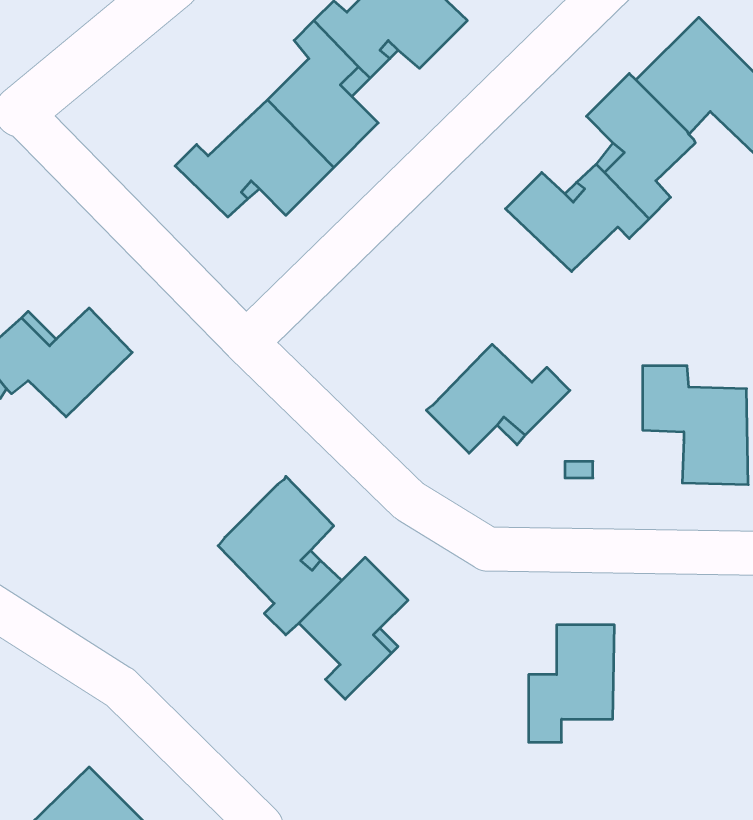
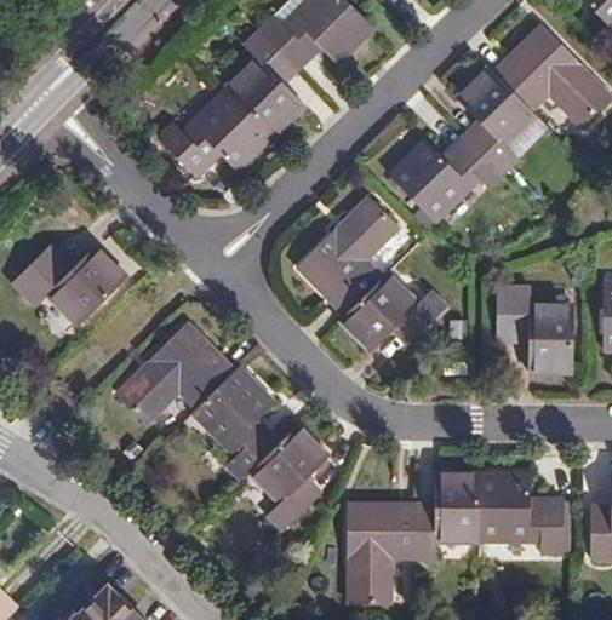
building: none -> [297,195,399,312]
building: none -> [114,325,231,424]
building: none -> [477,473,564,552]
building: none -> [349,503,416,601]

